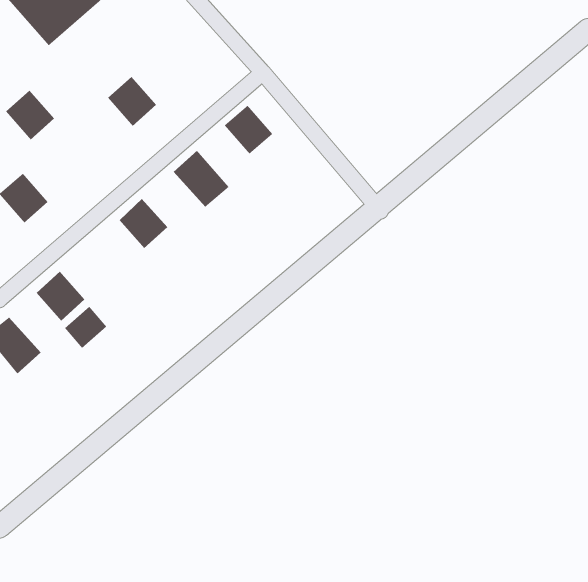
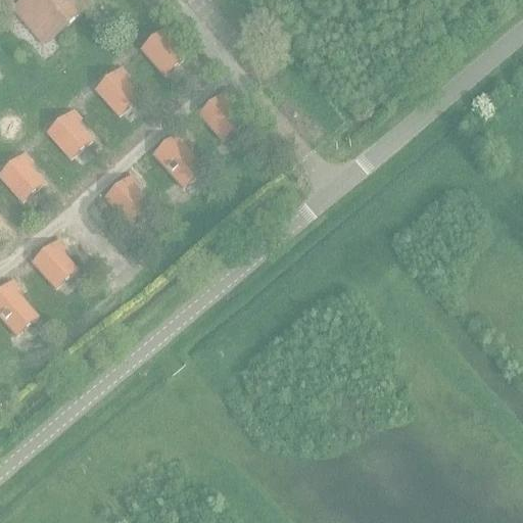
building: none -> [141,28,185,73]
building: [5,90,55,140] -> [47,110,91,155]
building: [64,306,107,349] -> none

